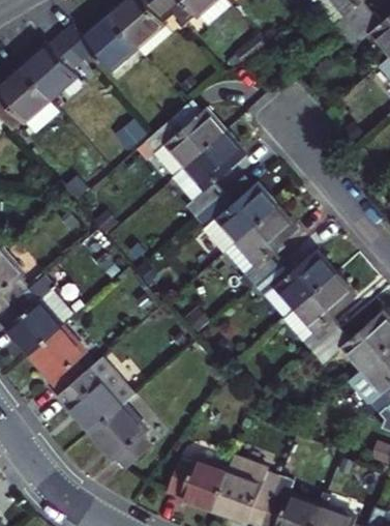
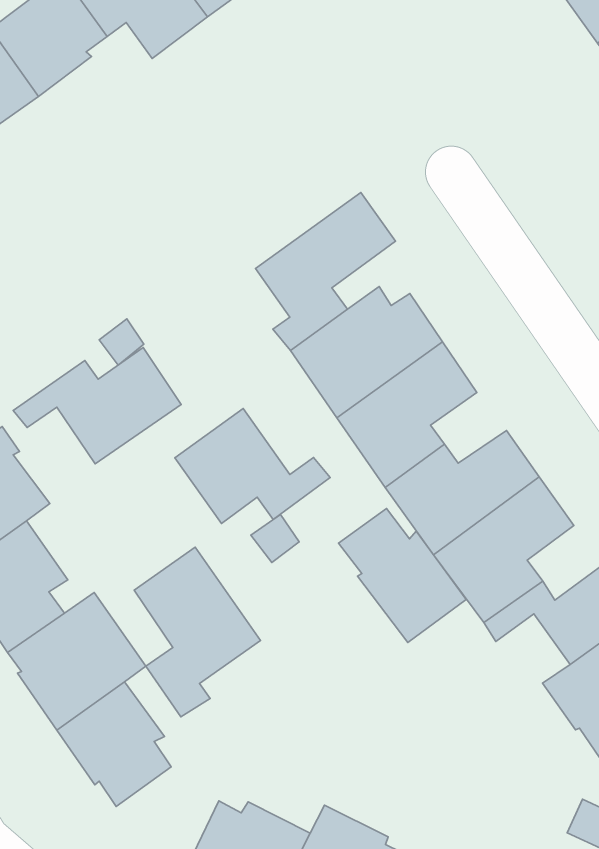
building: [143,108,226,177] -> none
building: none -> [13,348,181,464]
building: none -> [175,408,330,524]
building: none -> [339,509,466,642]
building: none -> [134,547,260,717]

